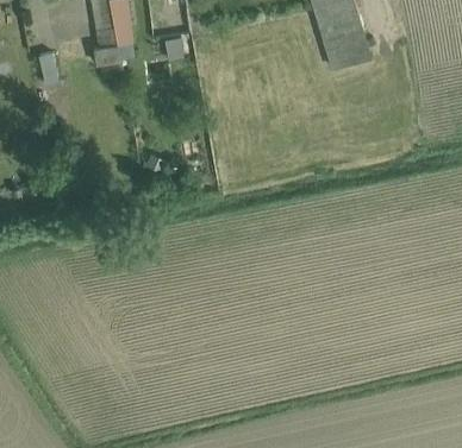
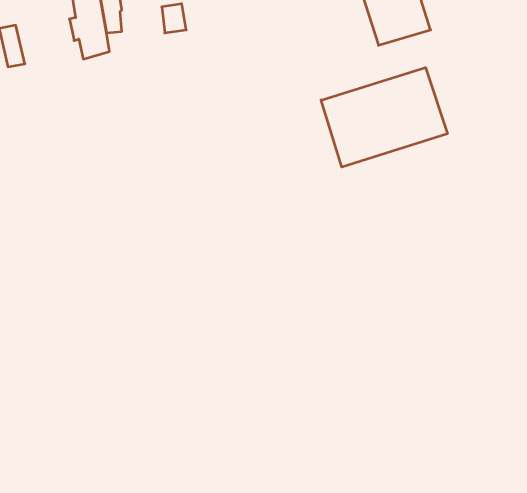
building: none -> [321,68,447,167]

